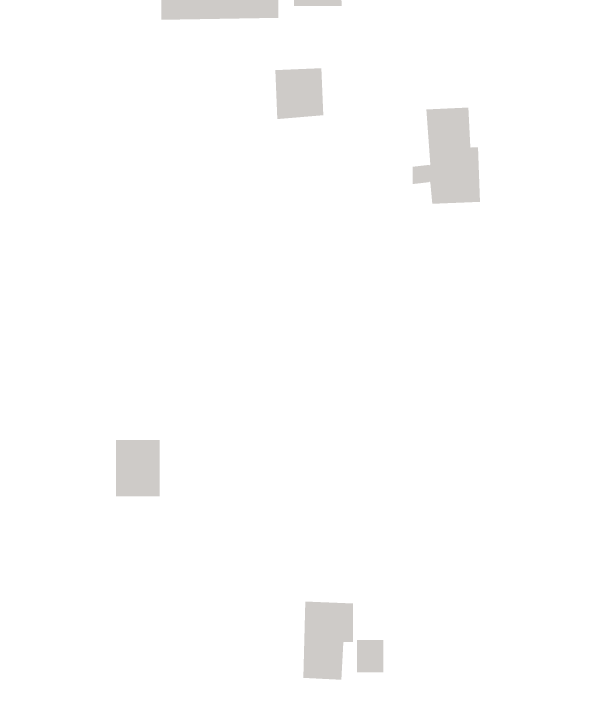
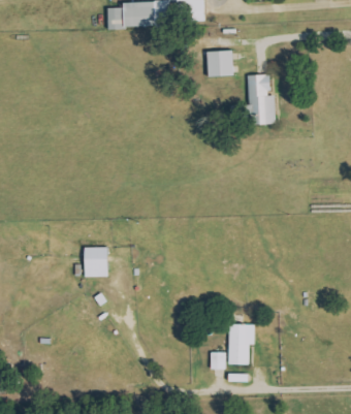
building: [275,68,324,119] -> [208,50,233,76]
building: [303,601,354,680] -> [228,323,255,364]

